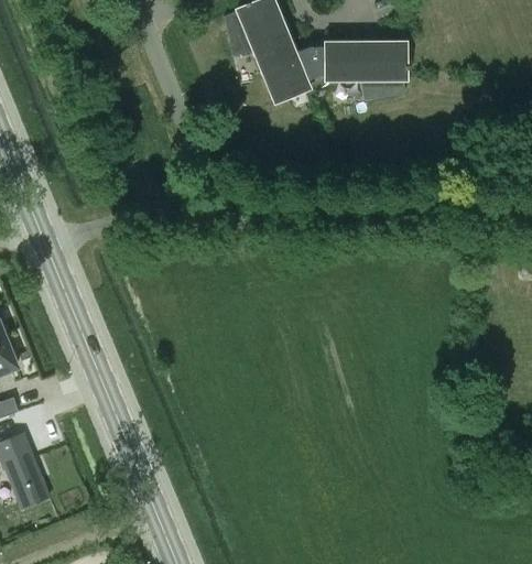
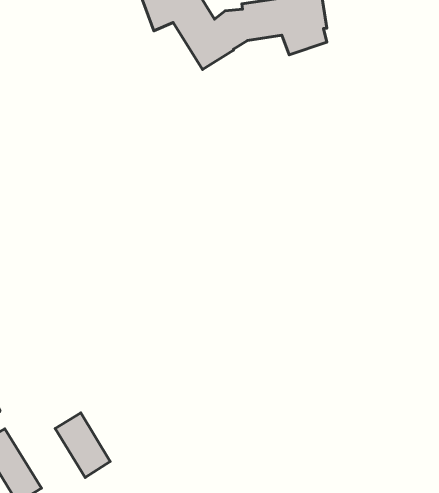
building: none -> [55,413,110,478]

